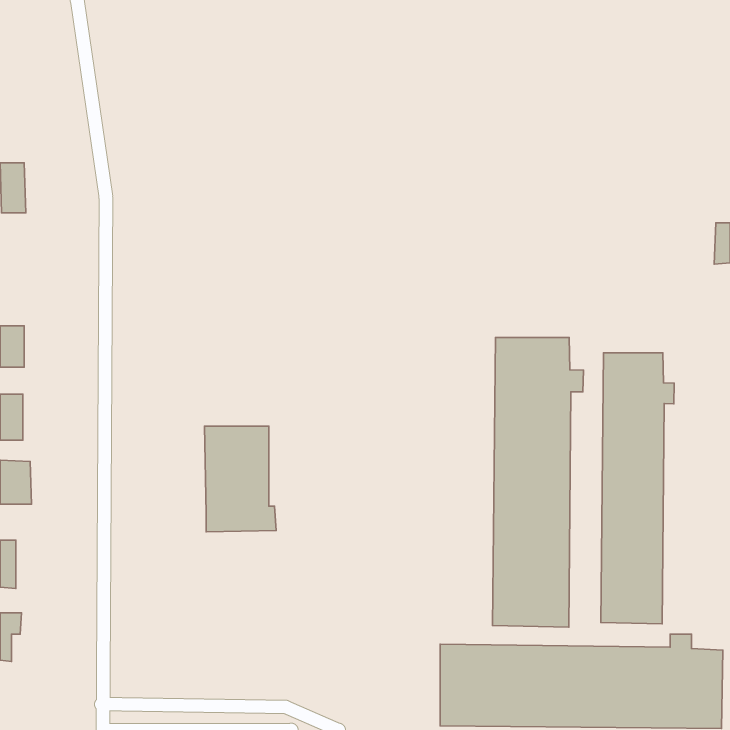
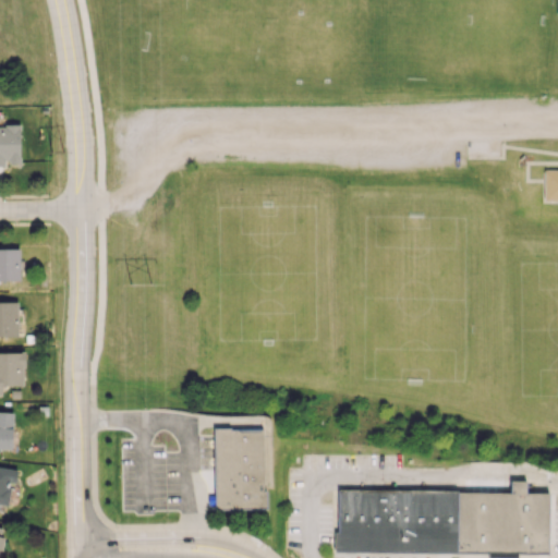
building: [493,338,583,627] -> none
building: [601,353,674,624] -> none
building: [205,426,276,532] -> [215,432,269,512]

